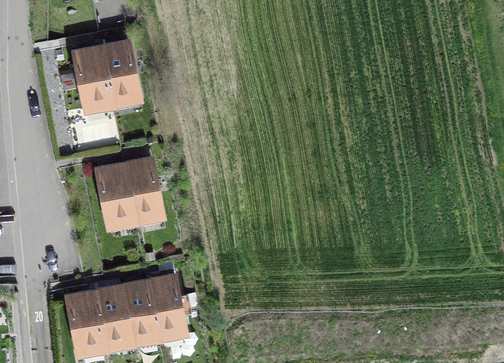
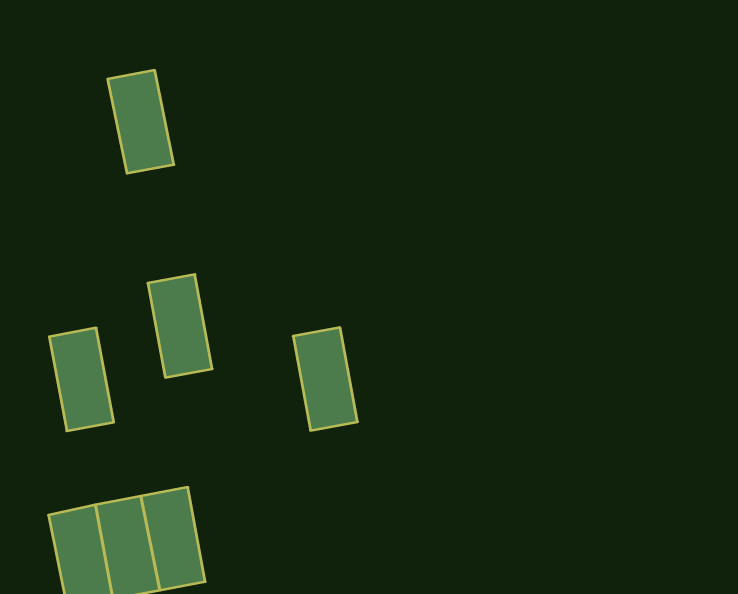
building: [74,49,112,109] -> none
building: [97,166,134,225] -> [49,328,114,431]
building: [147,278,184,337] -> [293,328,358,430]

